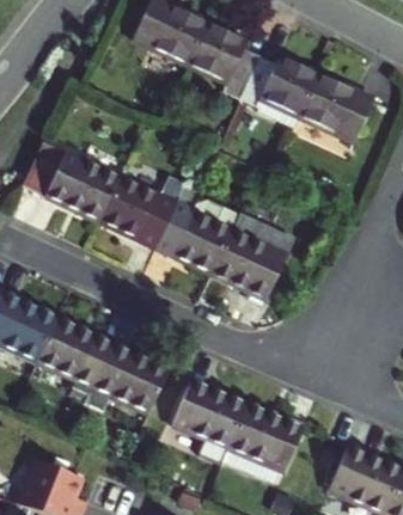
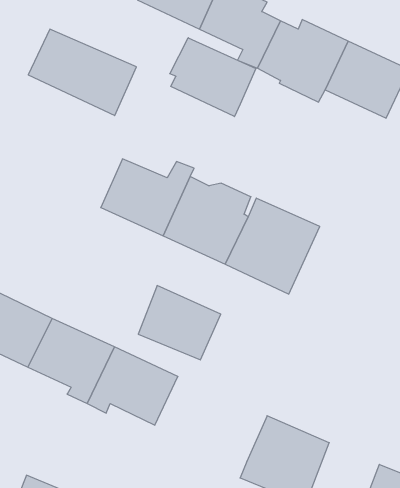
building: none -> [170,38,256,117]
building: [23,143,118,220] -> [28,29,136,116]
building: [173,379,246,445] -> [138,286,221,360]

